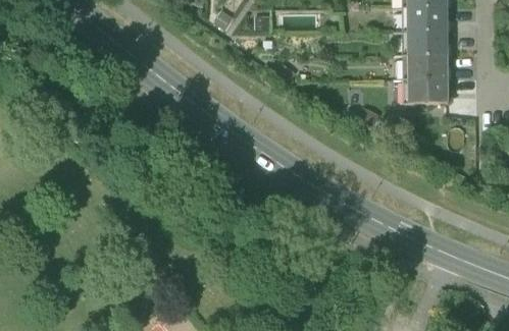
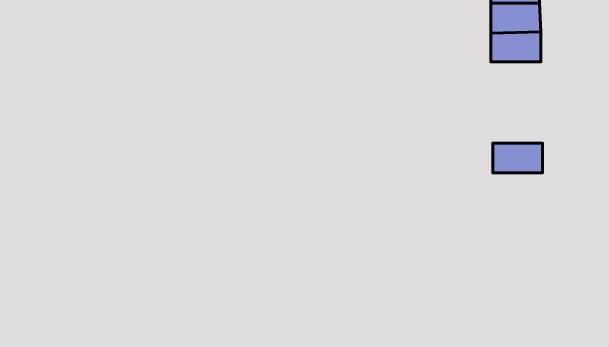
building: [407,77,448,102] -> [493,143,543,173]

